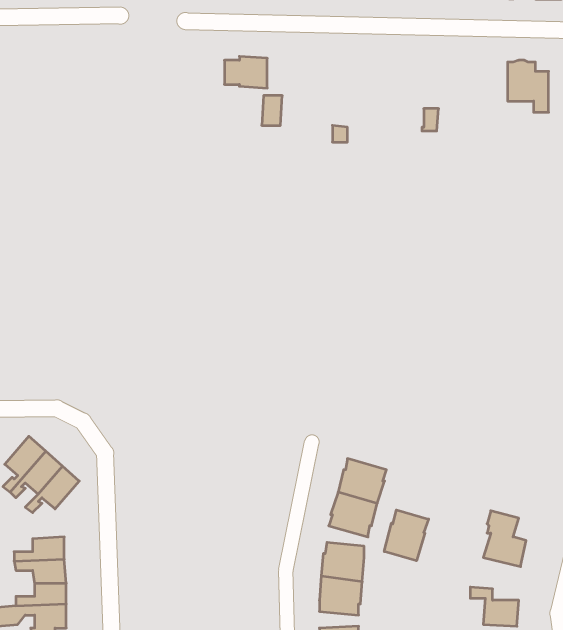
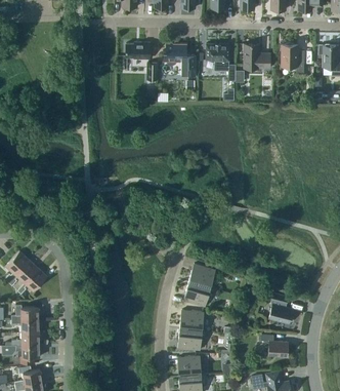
building: none -> [163,43,195,77]
building: none -> [206,43,229,71]
building: none -> [244,44,269,69]
building: [384,510,429,561] -> none

